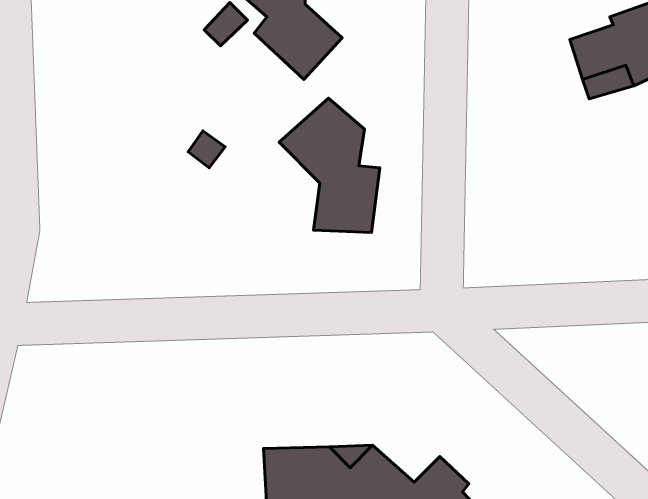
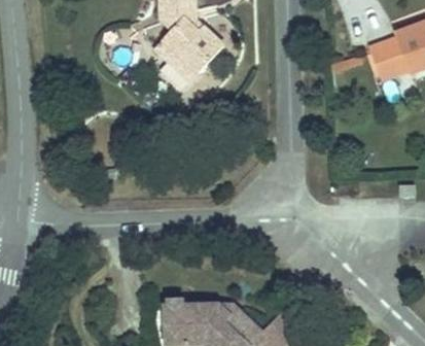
building: [279,98,380,232] -> none

